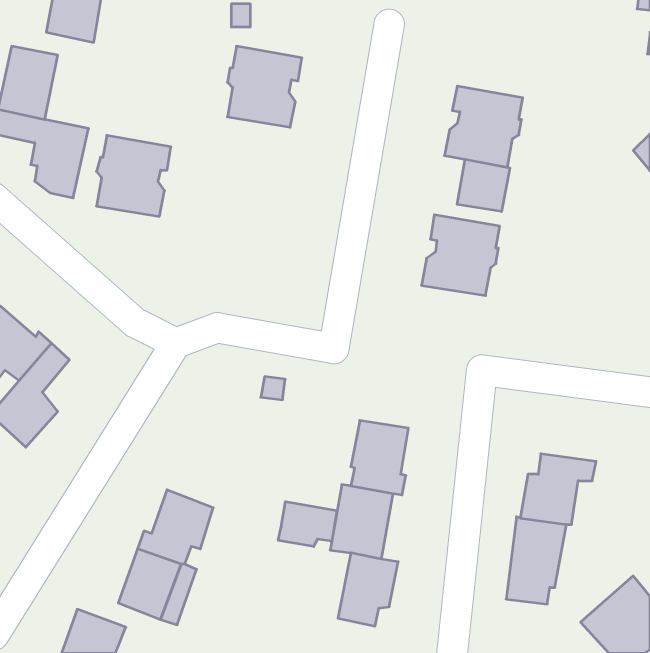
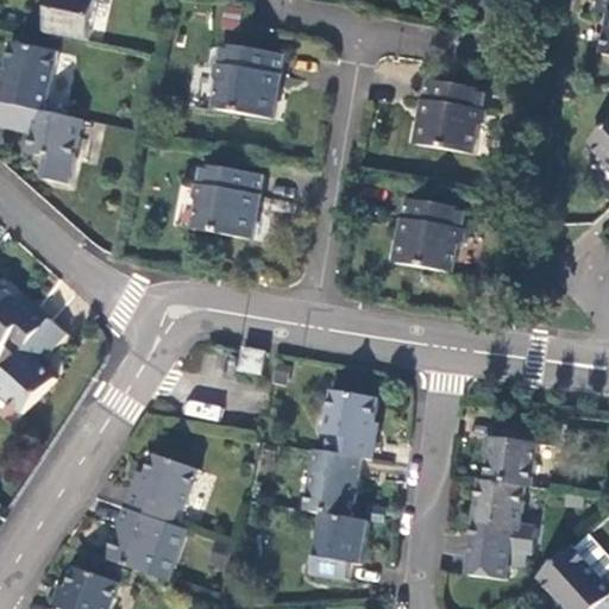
building: [96,135,171,216] -> [189,163,258,238]
building: [457,159,510,212] -> none
building: [278,502,337,547] -> none

